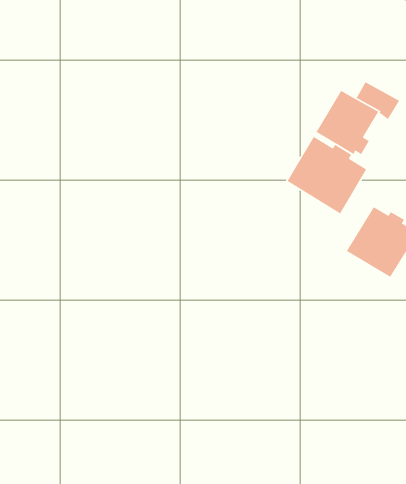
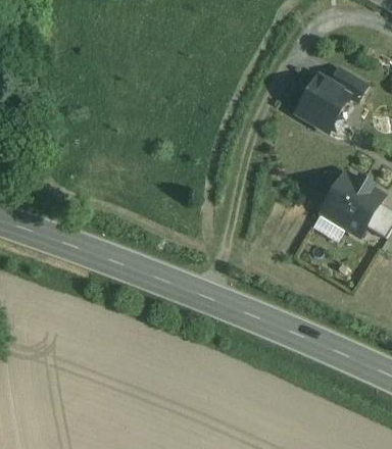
building: [286,136,367,214] -> none

